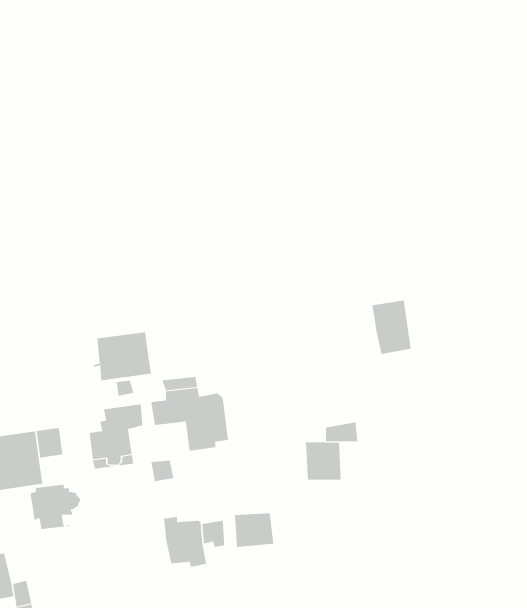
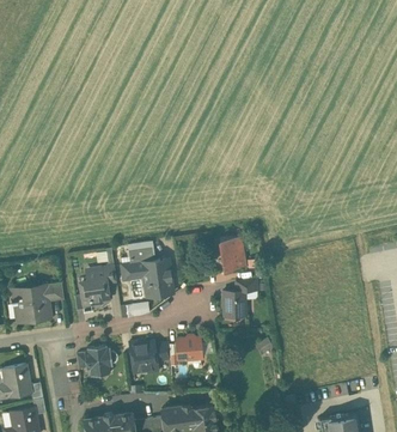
building: [372,300,412,354] -> [219,237,245,273]
building: [93,331,152,381] -> none
building: [30,484,81,530] -> [84,347,117,377]

